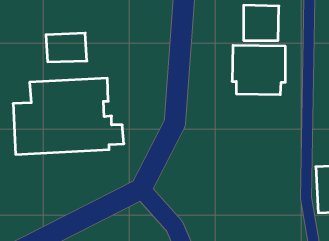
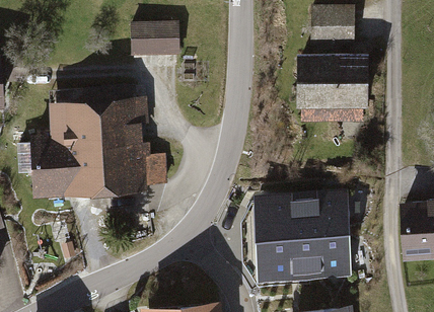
building: [46,33,87,62] -> [130,26,180,62]
building: none -> [255,196,350,277]

